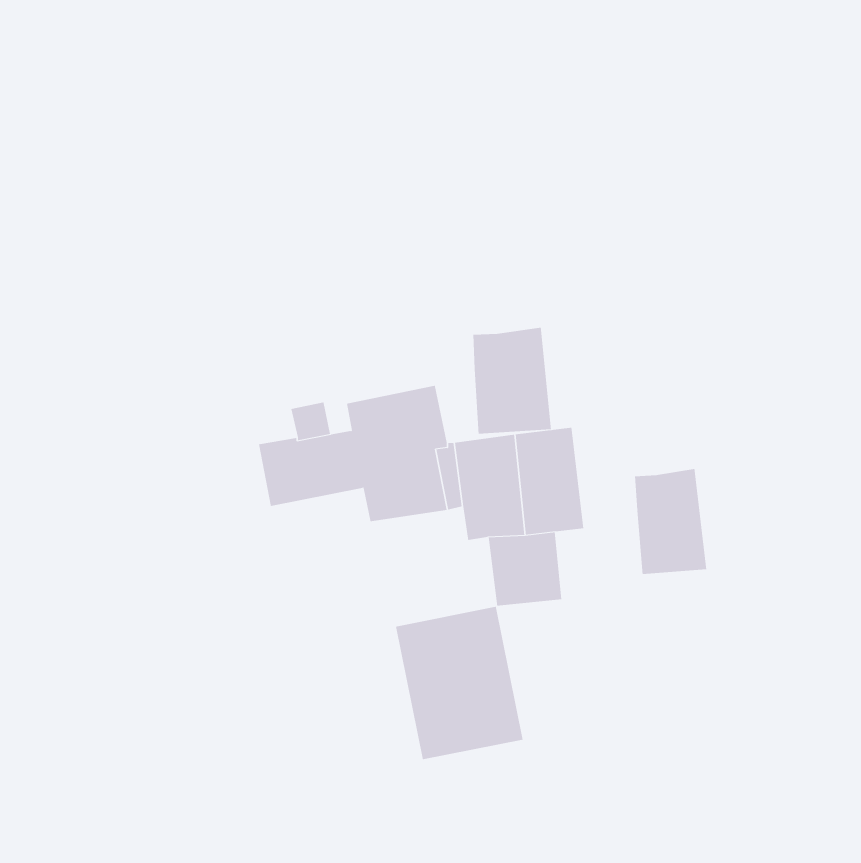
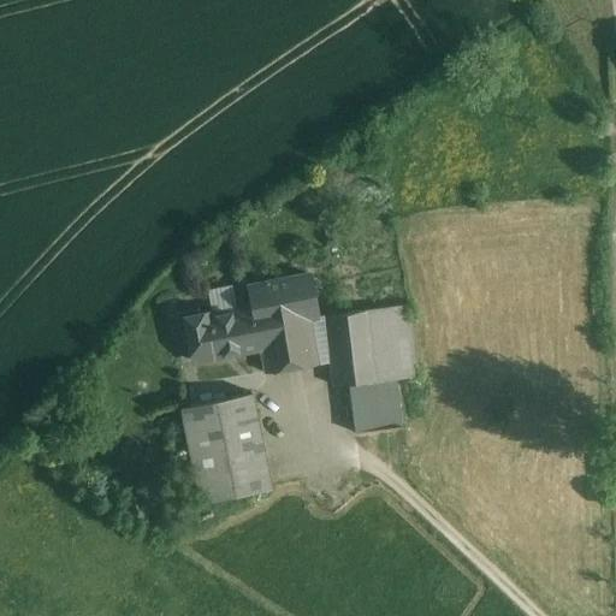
building: [473,327,551,435] -> none
building: [635,468,707,575] -> none
building: [395,606,523,760] -> [180,392,272,502]

